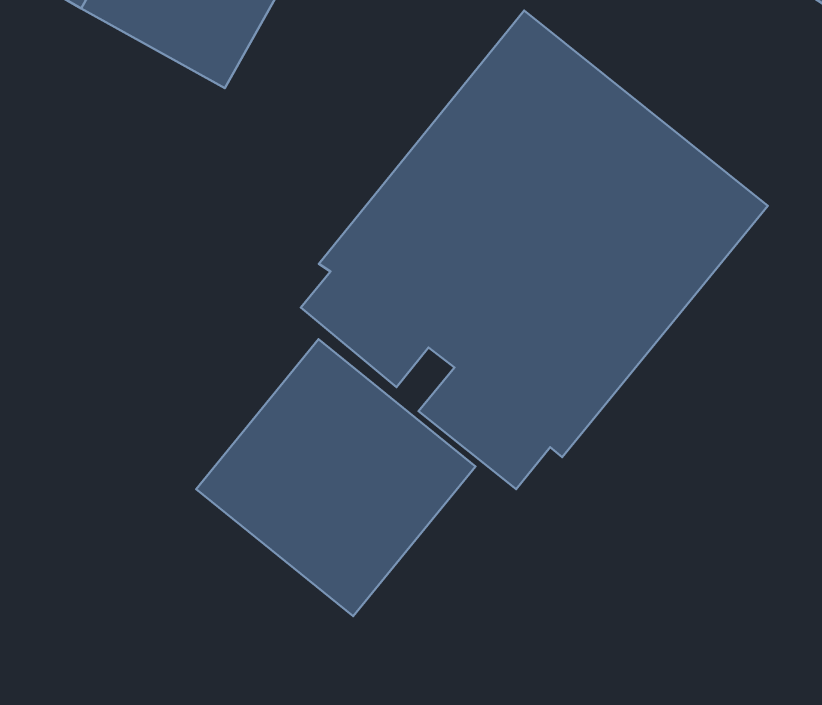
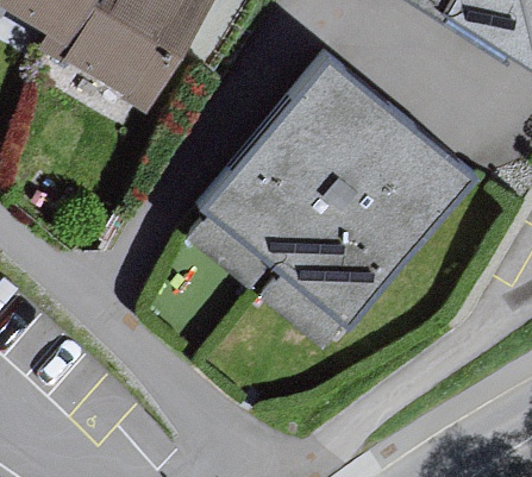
building: [196,339,476,616] -> none

